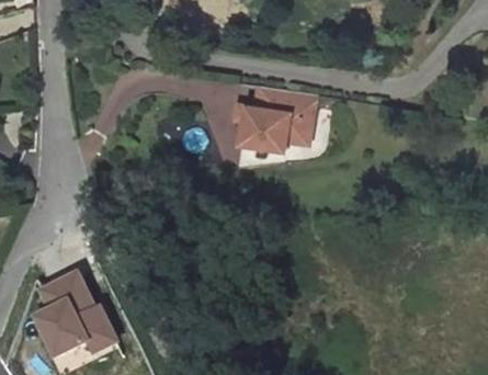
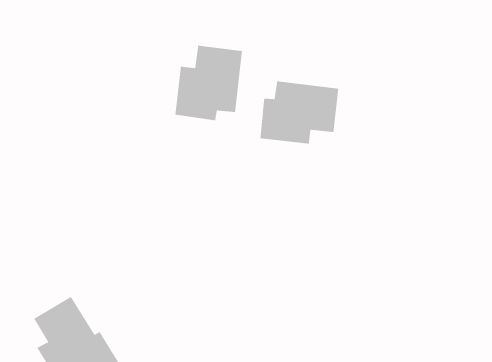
building: none -> [174,45,243,121]

